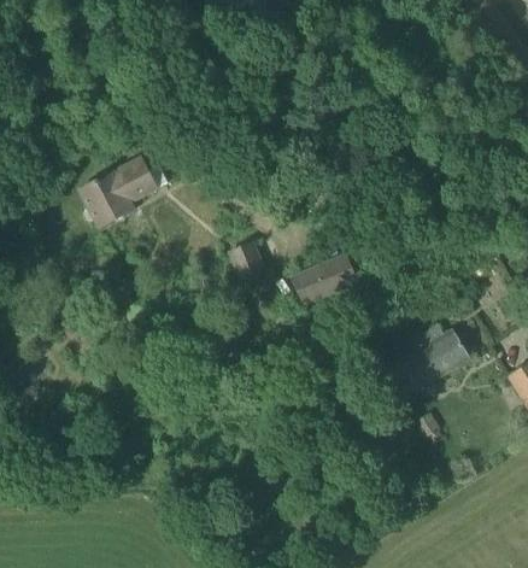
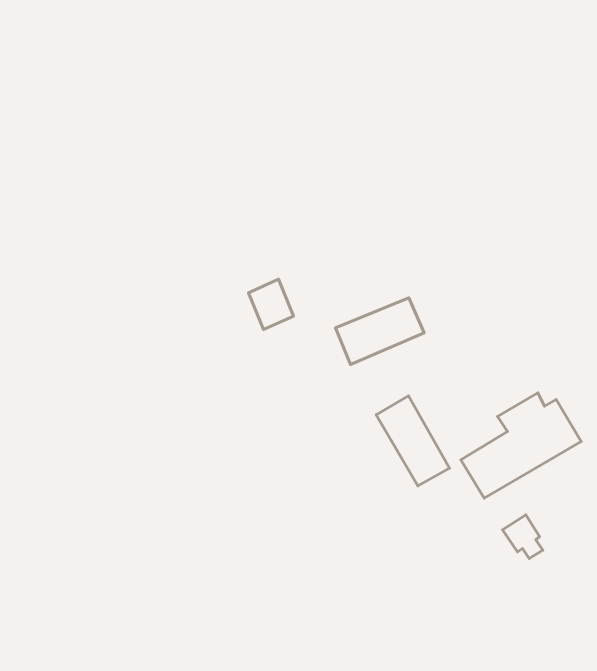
building: [80,157,168,228] -> none
building: none -> [376,396,449,486]

